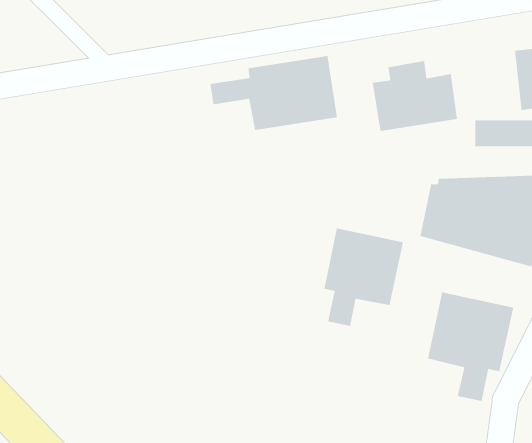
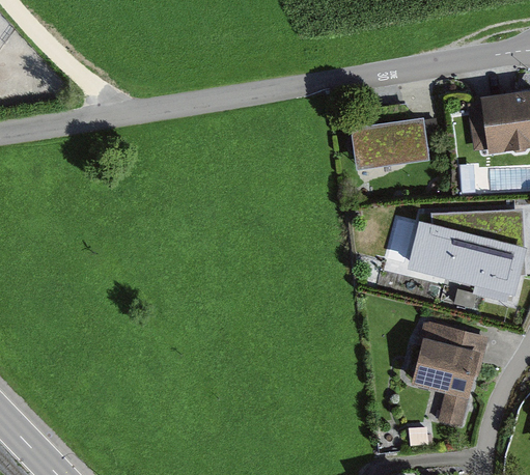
building: [209,55,338,131] -> none
building: [324,228,404,327] -> none

